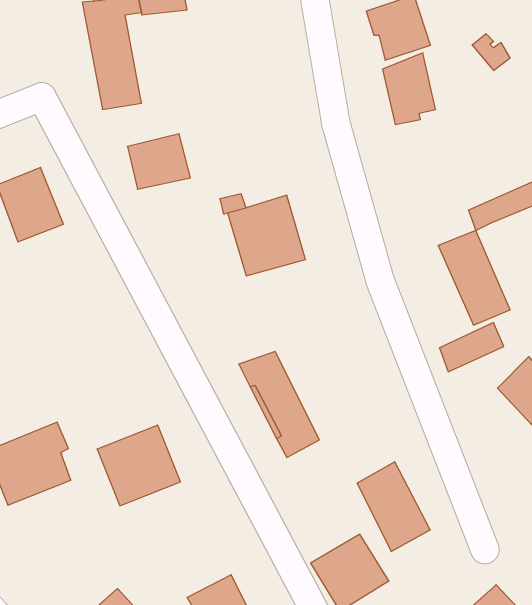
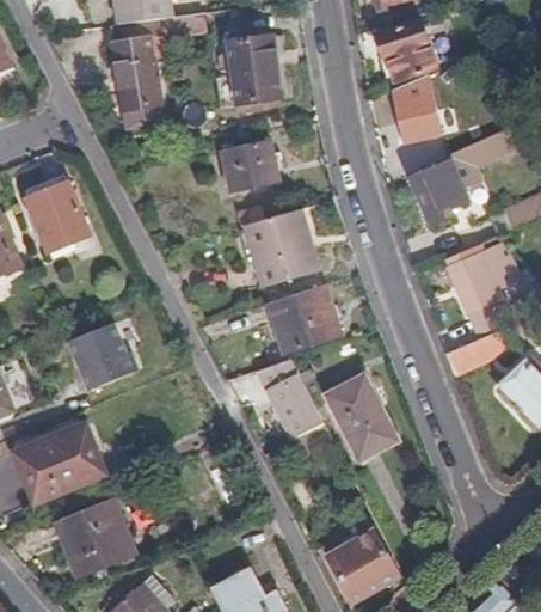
building: none -> [226,35,281,104]
building: none -> [411,129,518,222]
building: [127,134,190,189] -> [220,140,279,192]
building: none -> [269,283,340,353]
building: none -> [68,323,137,391]
building: [97,425,180,506] -> [56,501,135,577]
building: [357,462,430,551] -> [326,373,395,458]

